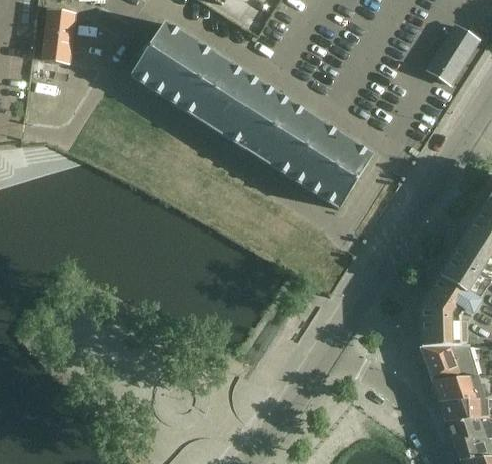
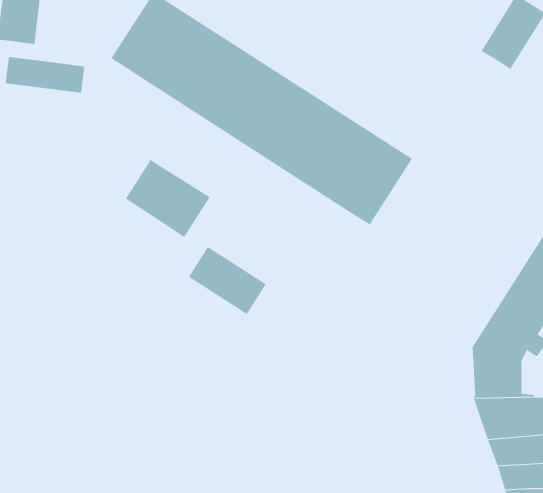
building: none -> [5,56,85,94]
building: none -> [125,159,210,238]
building: none -> [188,246,266,315]

